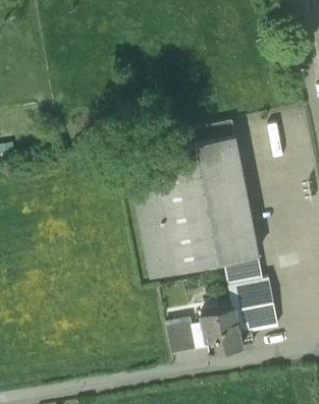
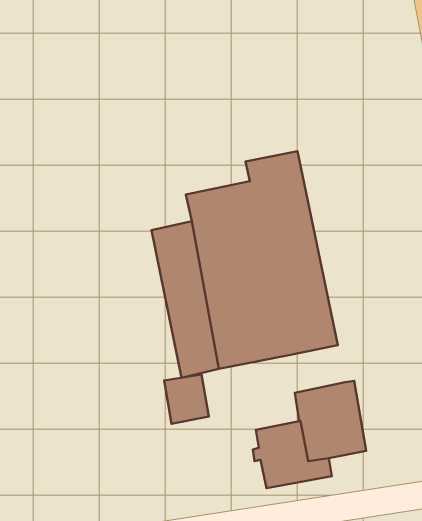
building: [224,256,264,289] -> none
building: [167,322,198,355] -> [164,375,209,424]

